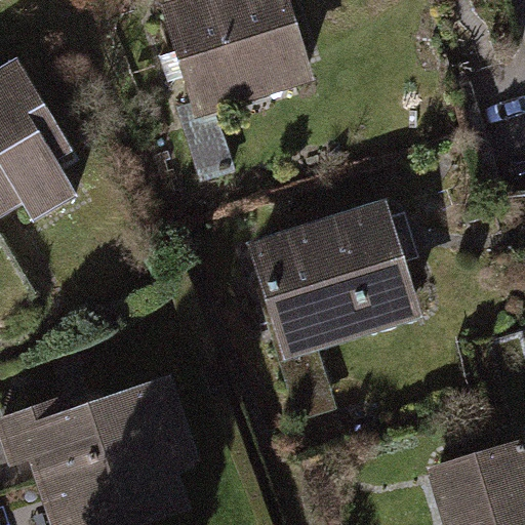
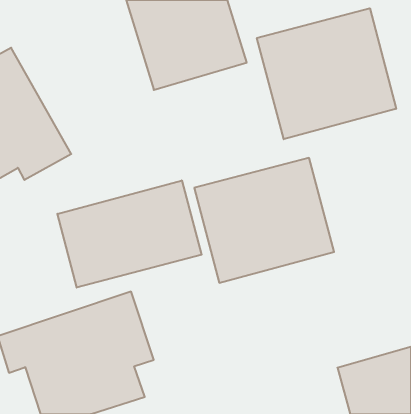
building: none -> [257,8,396,139]
building: none -> [57,180,202,288]

